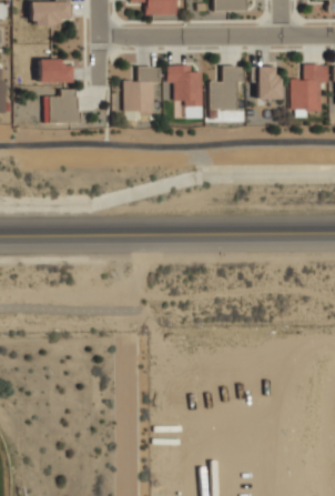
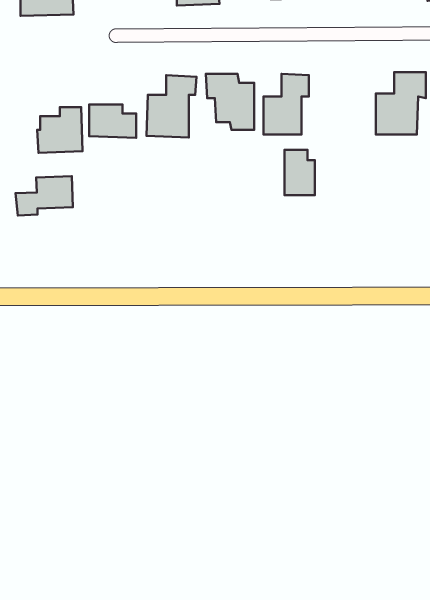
building: [40,59,74,83] -> [89,104,136,138]
building: [258,67,281,100] -> [285,150,315,195]
building: none -> [16,176,73,215]

